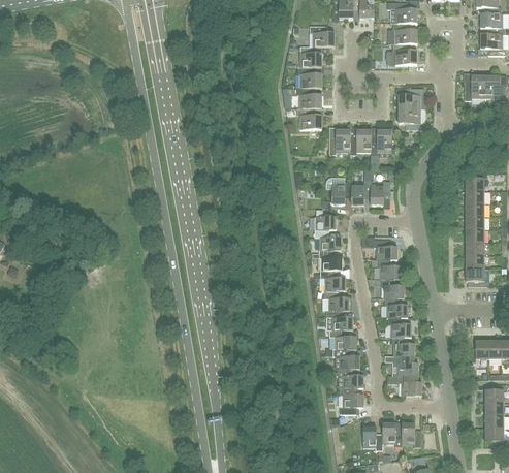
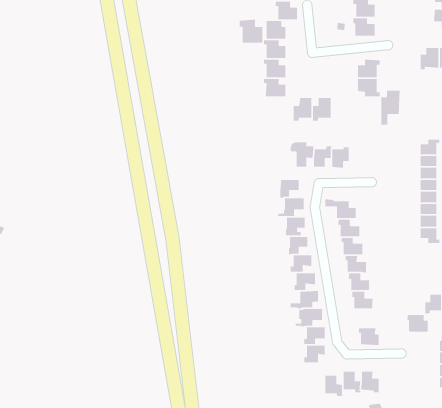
building: none -> [239,19,263,43]
building: [370,129,391,167] -> [380,90,401,126]
building: [394,355,418,375] -> [406,314,428,332]

